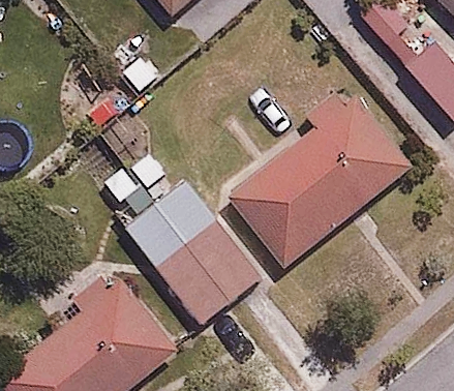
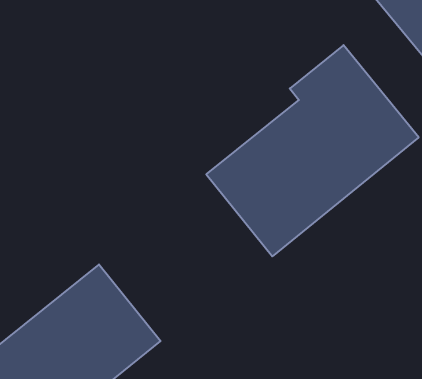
building: [121,176,261,325] -> none

